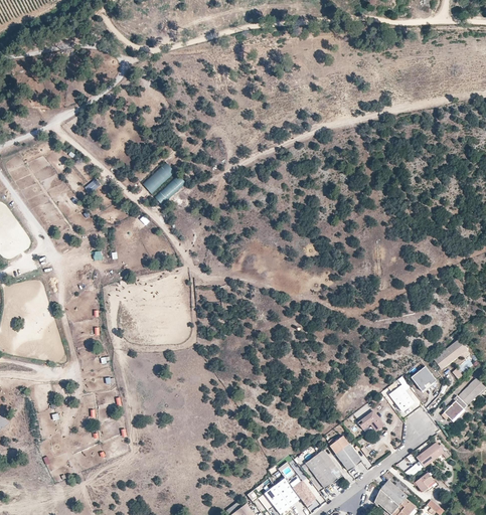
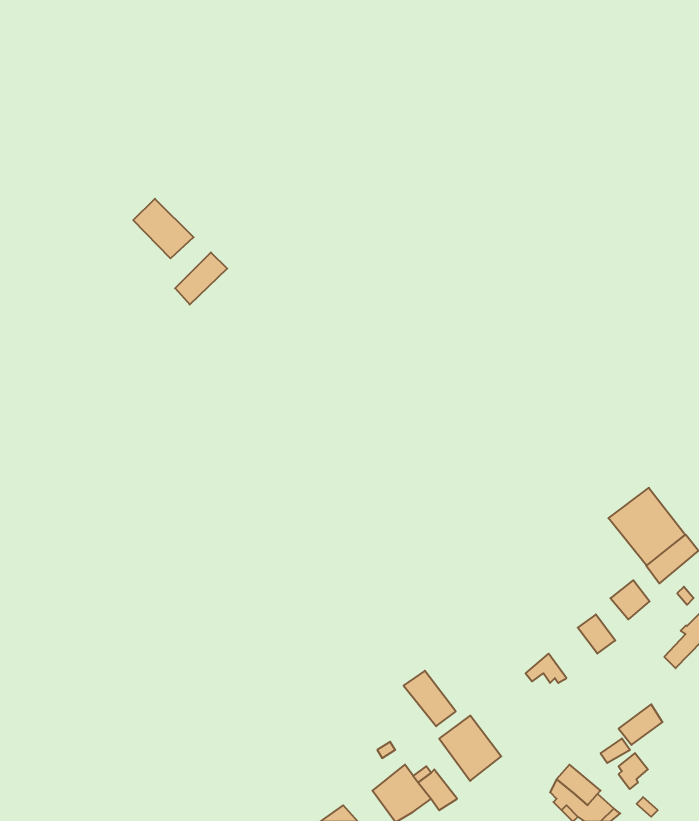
building: none -> [133,199,194,258]
building: none -> [608,488,685,565]
building: [330,436,362,470] -> [404,671,456,726]

